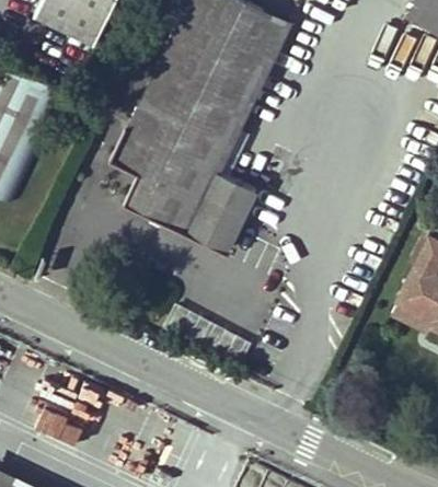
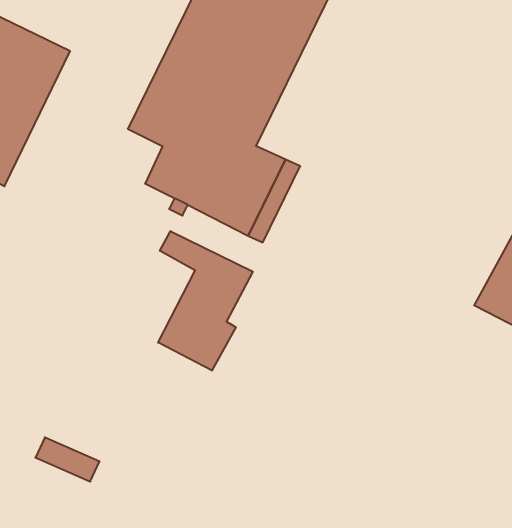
building: none -> [158,231,253,371]

